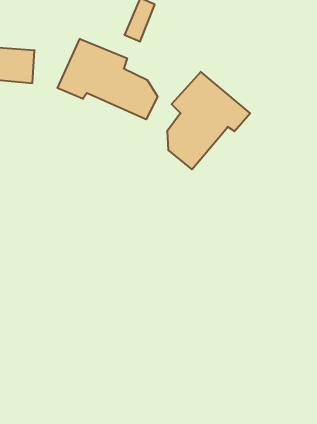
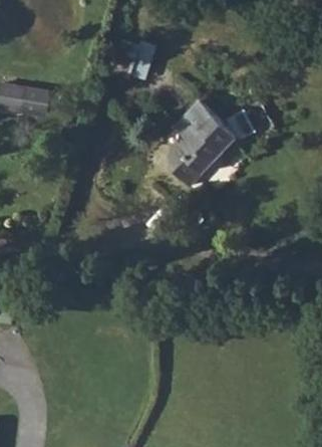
building: [57,39,157,119] -> none

